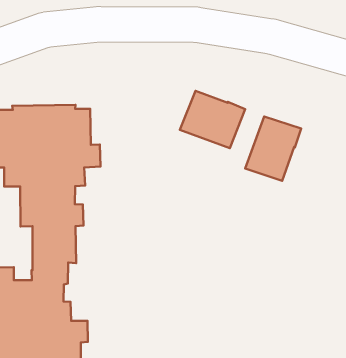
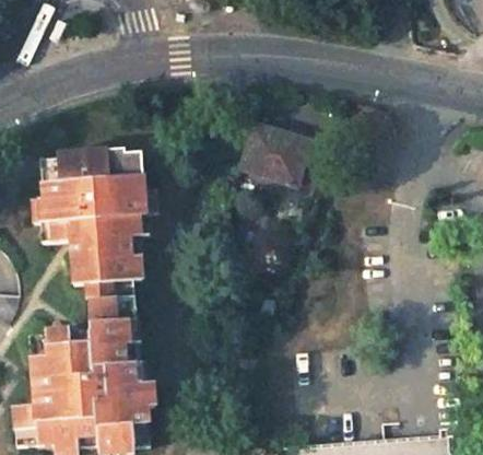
building: [245,116,301,181] -> none

